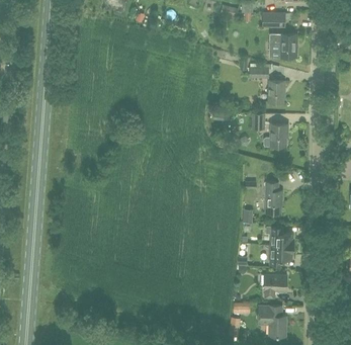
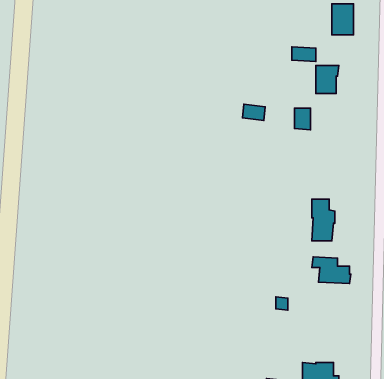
building: [263,124,287,148] -> none
building: [268,246,292,266] -> none
building: [264,275,286,299] -> none

